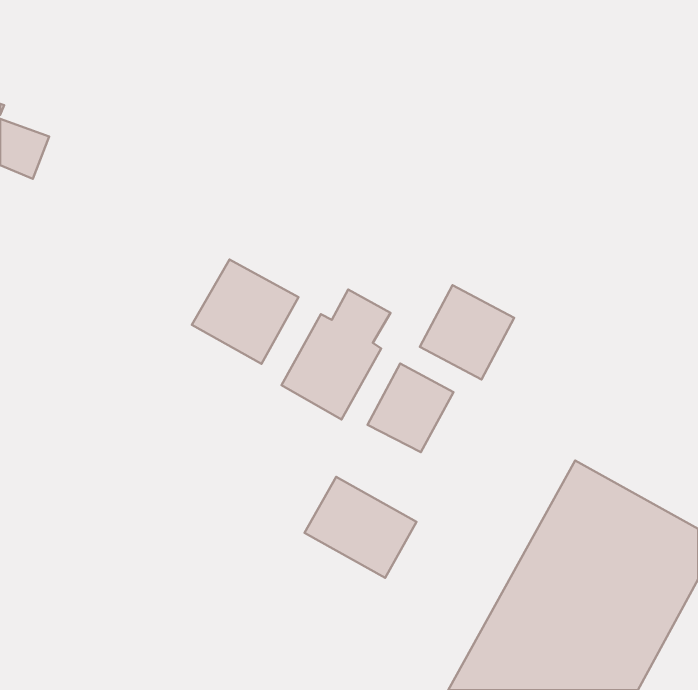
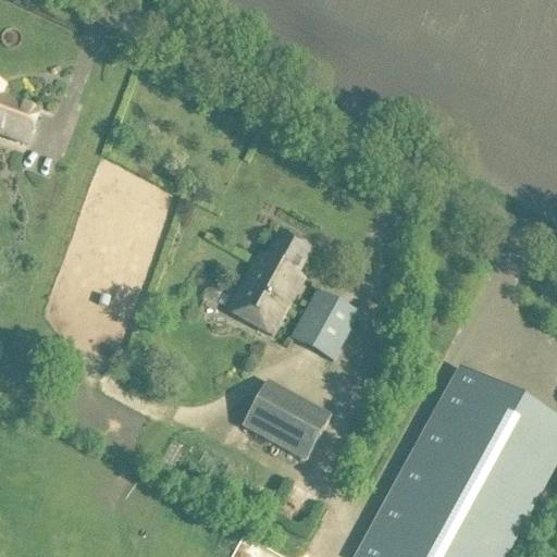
building: [192,259,299,364] -> none
building: [420,285,514,380] -> none

